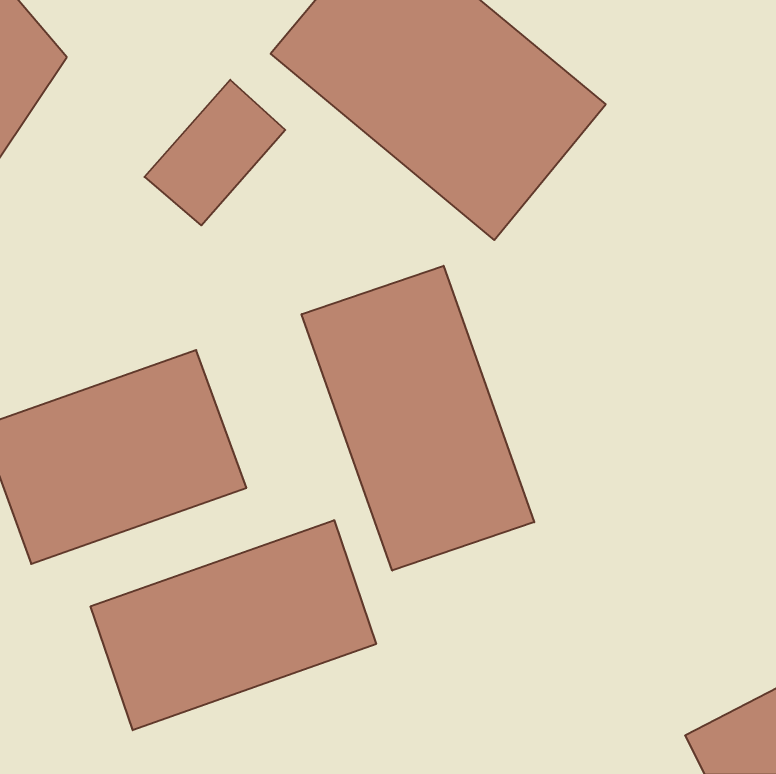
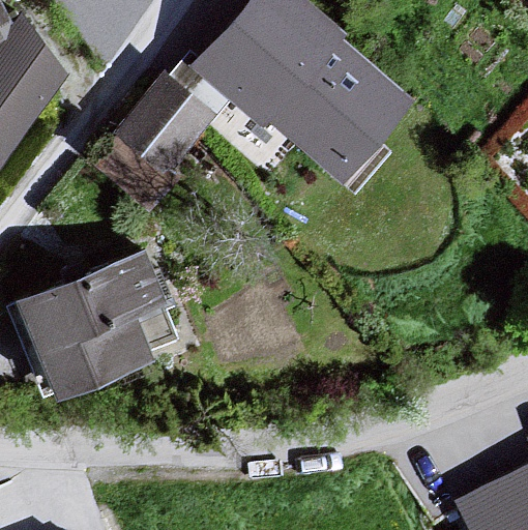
building: [302,266,534,571] -> none
building: [91,520,376,730] -> none

